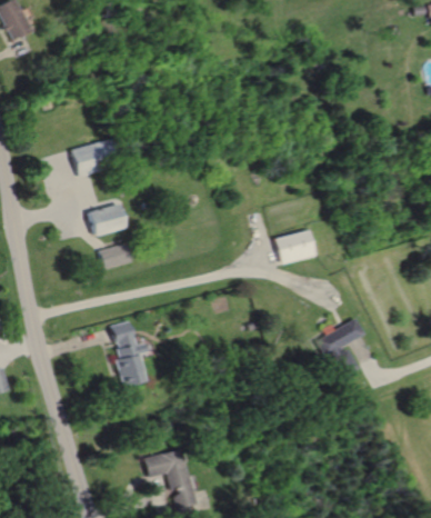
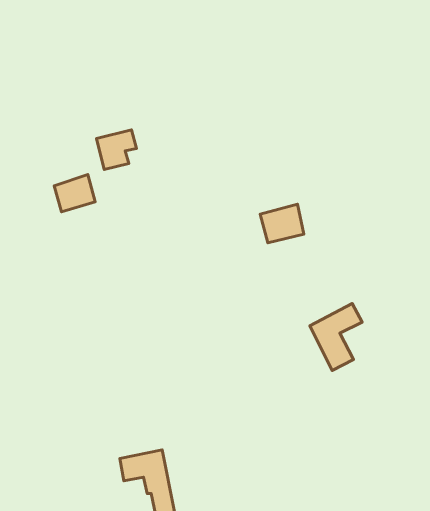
building: [71,141,107,177] -> [97,130,136,170]
building: [100,242,130,269] -> none
building: [112,321,149,386] -> none

